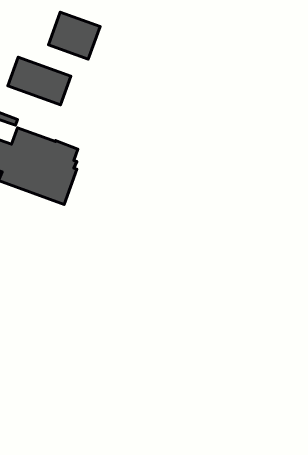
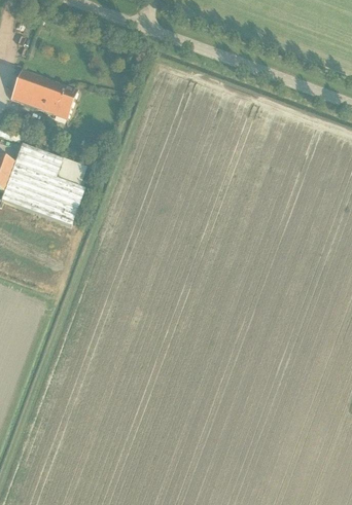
building: [48,12,100,59] -> none

